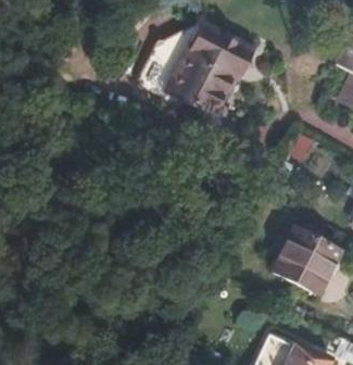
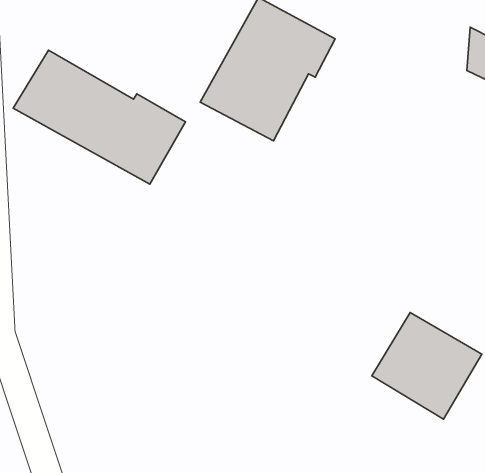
building: none -> [13,50,185,184]

